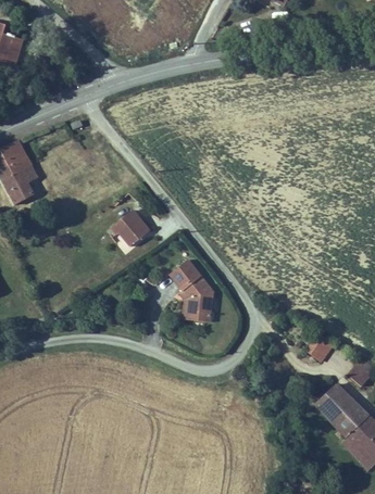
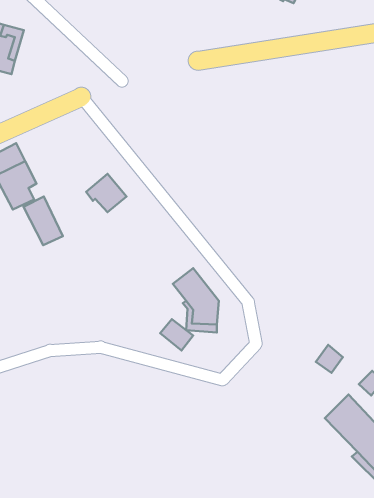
building: none -> [23,197,63,245]
building: [111,211,150,248] -> [86,174,127,212]
building: none -> [160,319,193,350]

